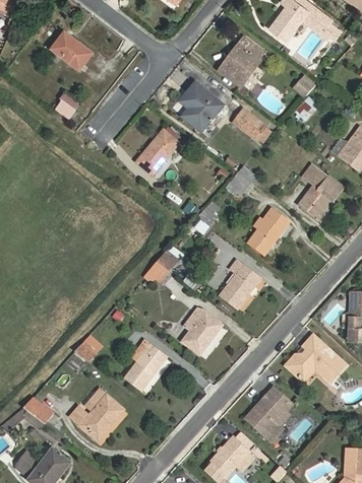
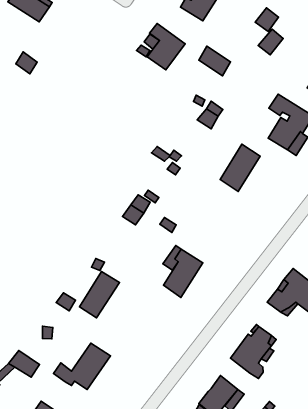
building: [136,128,180,175] -> none
building: [220,261,261,308] -> none
building: [125,344,167,390] -> [79,271,120,318]

